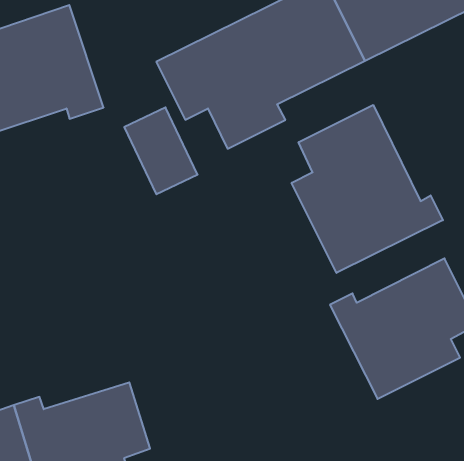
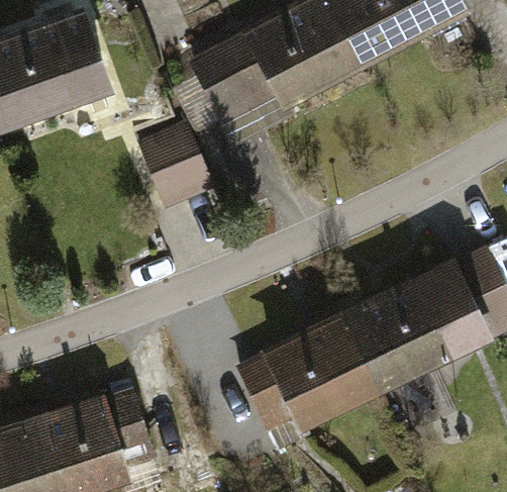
building: [292,105,443,273] -> none
building: none -> [228,329,375,462]

